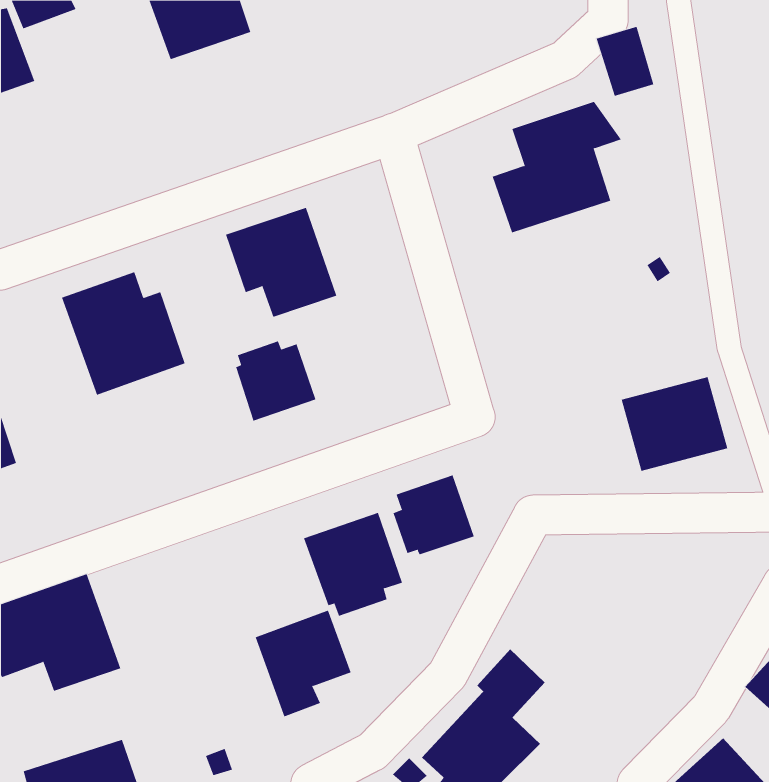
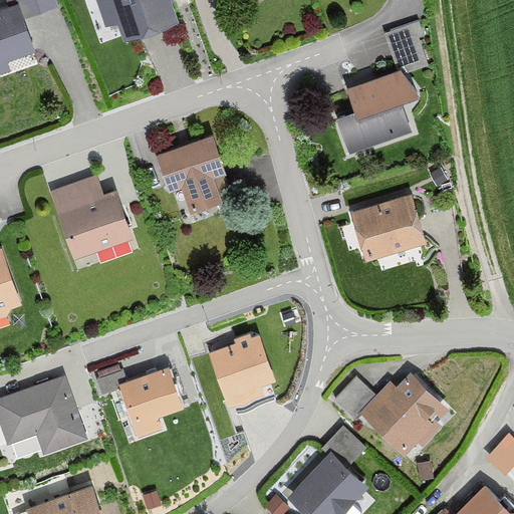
building: [236,341,316,421] -> none
building: [621,376,728,472] -> [351,197,422,259]
building: [393,474,475,555] -> none
building: none -> [336,372,448,454]
building: [255,610,351,717] -> [118,367,182,438]

